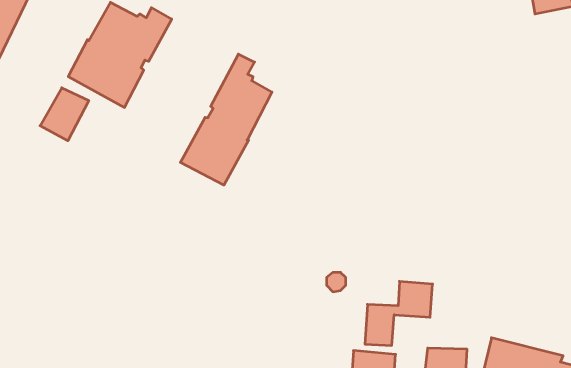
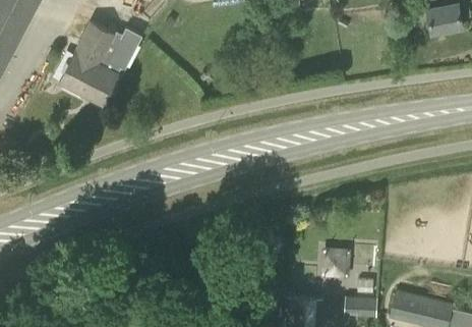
building: [180,54,272,185] -> none
building: [40,88,89,141] -> none

